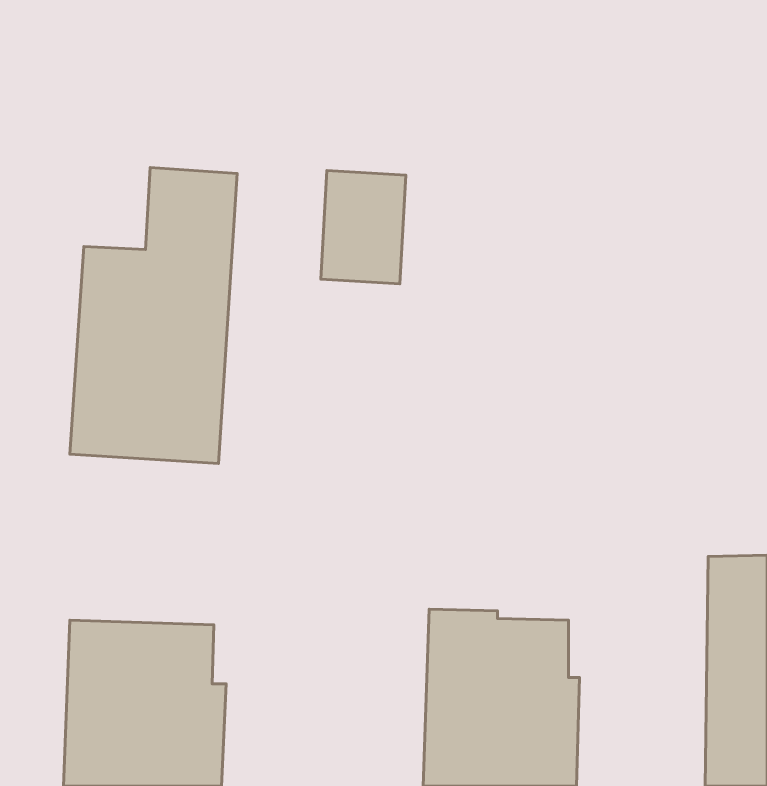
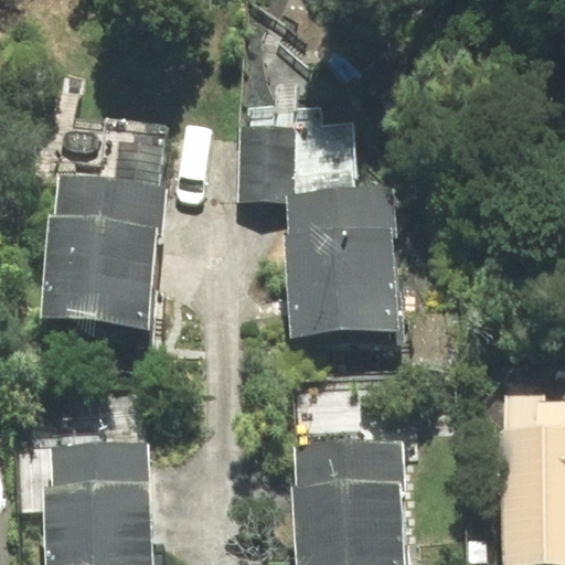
building: none -> [285,193,406,338]

